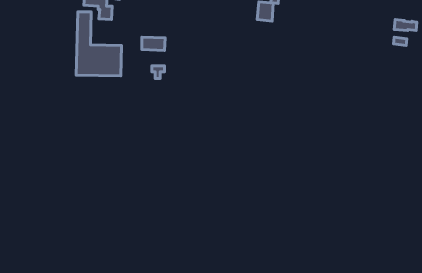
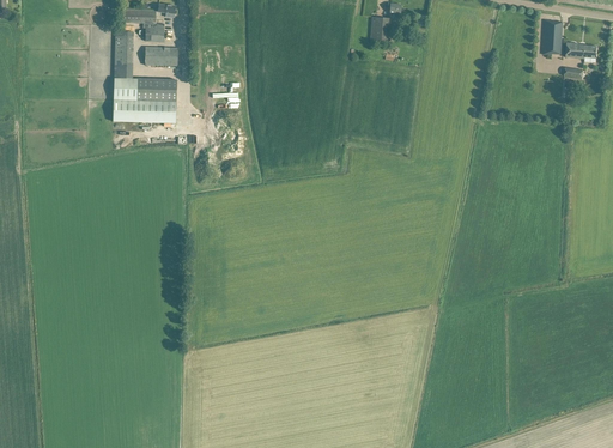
building: none -> [542,19,563,54]
building: [142,37,165,50] -> [145,47,178,66]

